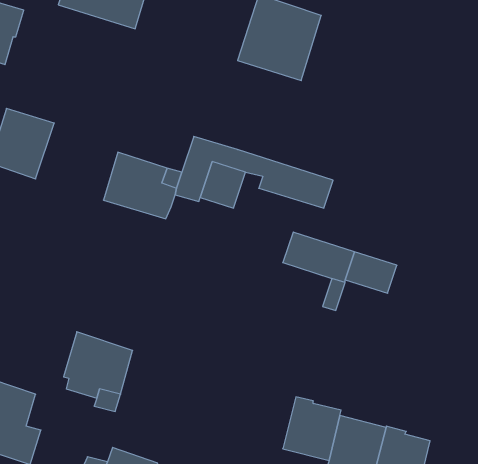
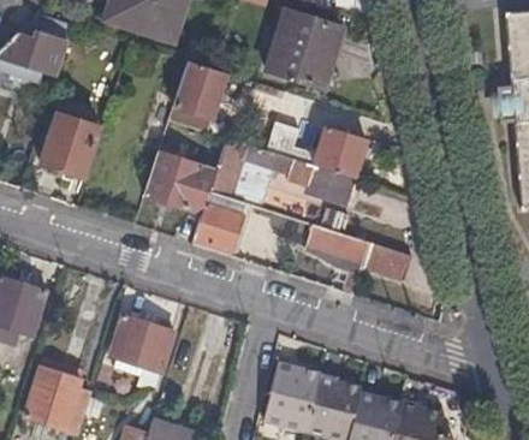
building: none -> [168,60,246,132]
building: none -> [266,120,365,179]
building: none -> [192,202,240,251]
building: none -> [264,362,319,421]

